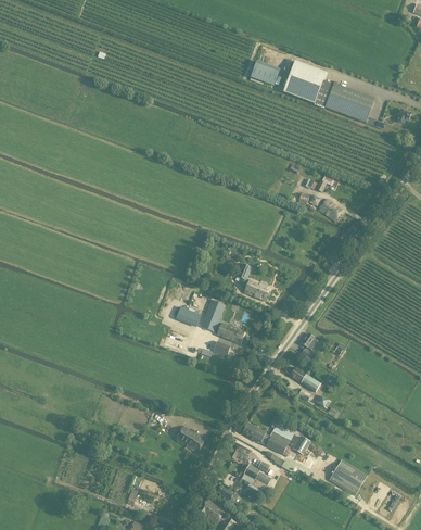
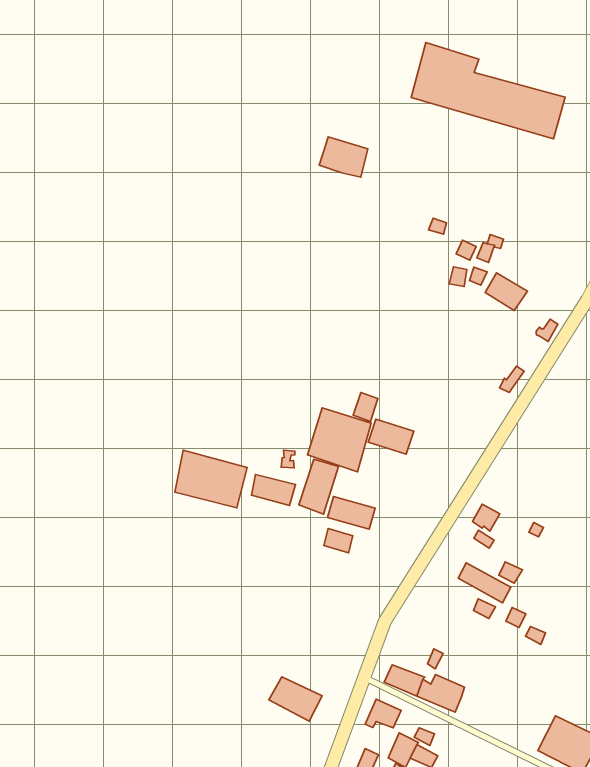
building: [250,61,279,86] -> [319,137,368,177]
building: none -> [308,408,371,472]
building: none -> [175,450,247,508]

